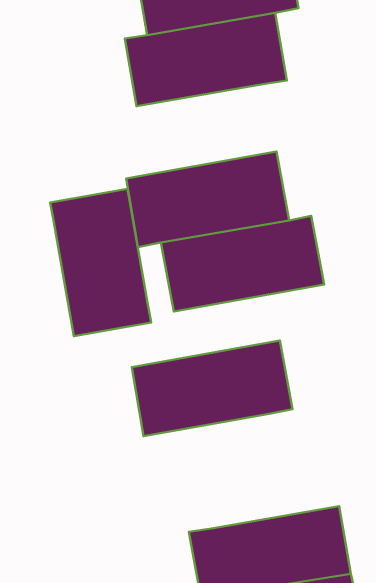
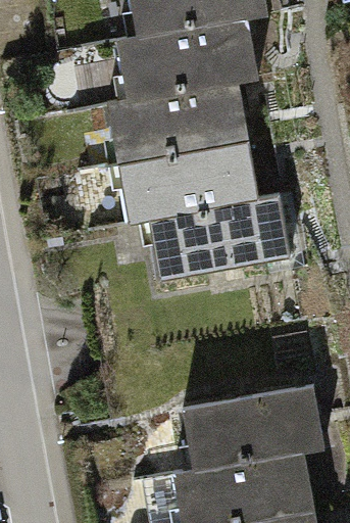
building: none -> [105,79,247,161]
building: [50,189,151,336] -> none
building: [132,340,293,436] -> [182,384,322,468]

